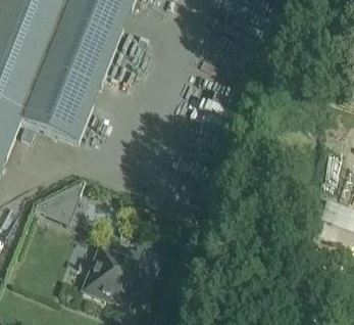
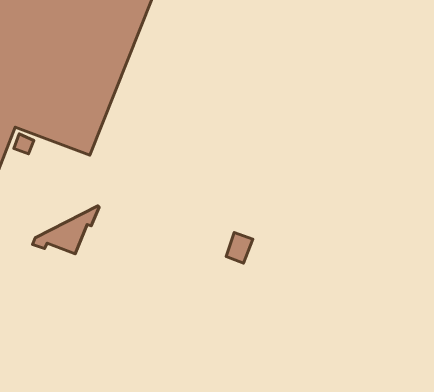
building: [80,241,160,303] -> none

